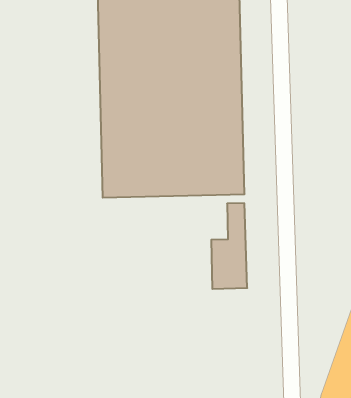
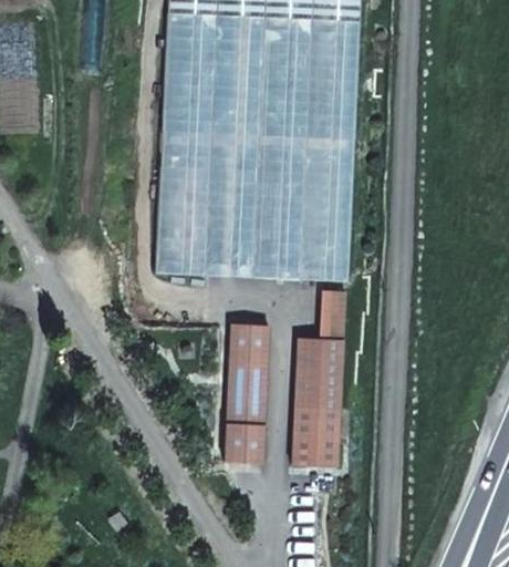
building: none -> [225,323,270,461]
building: none -> [292,404,341,464]

